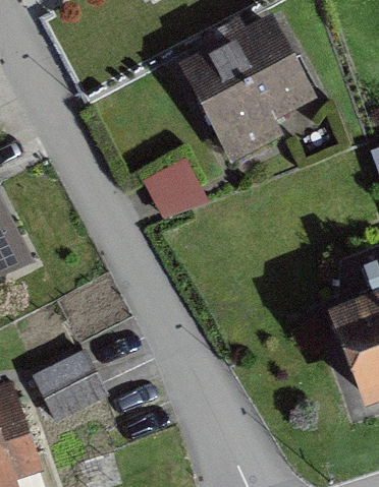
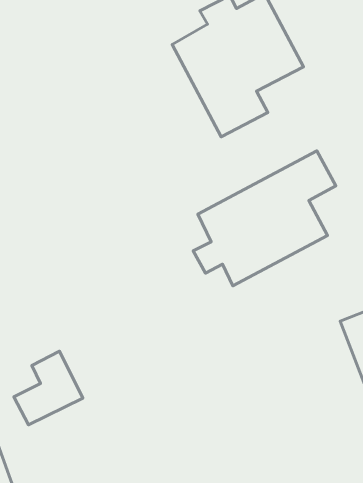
building: none -> [193,151,336,286]

